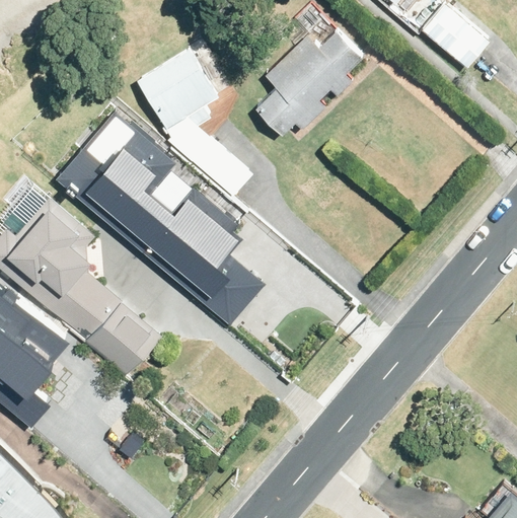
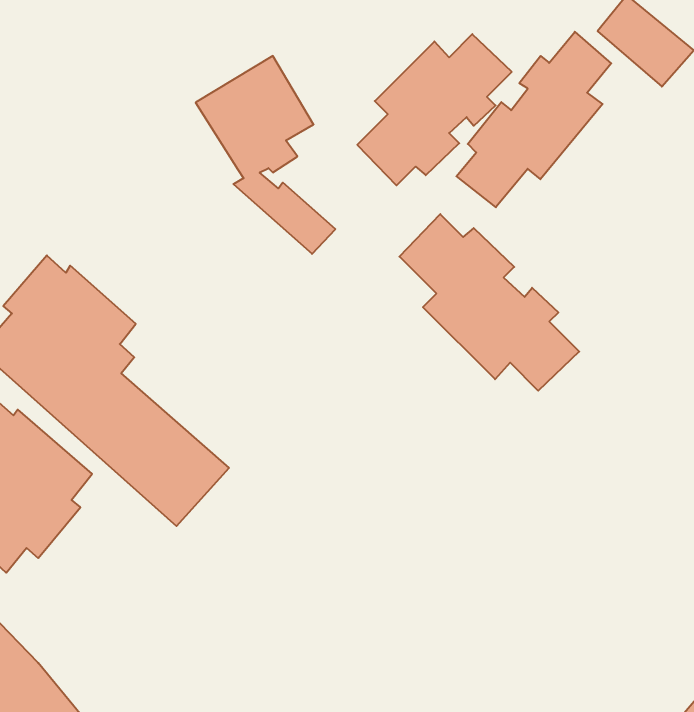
building: none -> [456,32,611,207]
building: [55,113,253,322] -> none
building: none -> [399,214,579,391]

